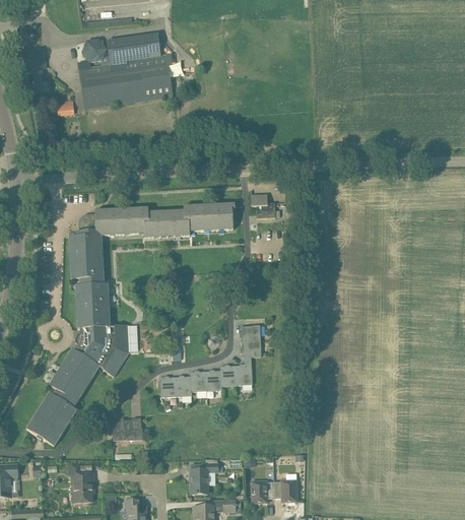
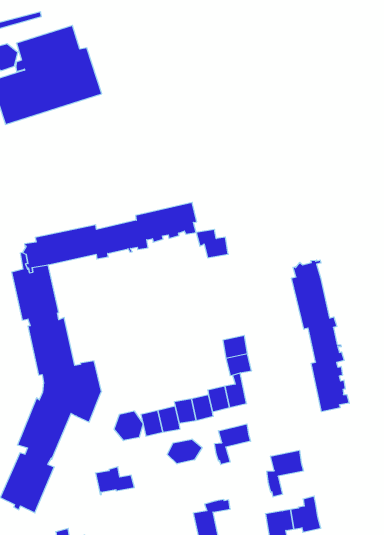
building: [251,194,275,217] -> [196,229,228,258]
building: none -> [292,260,349,412]
building: none -> [114,411,143,441]
building: none -> [215,424,251,465]
building: none -> [167,439,202,464]
building: none -> [267,450,303,497]

